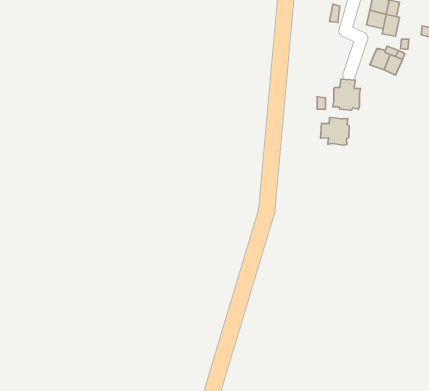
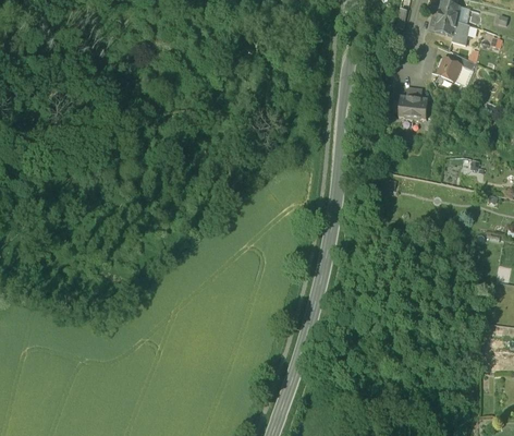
building: [321,117,349,145] -> none

